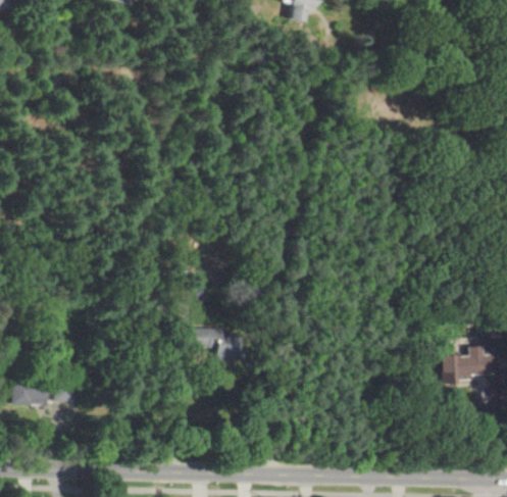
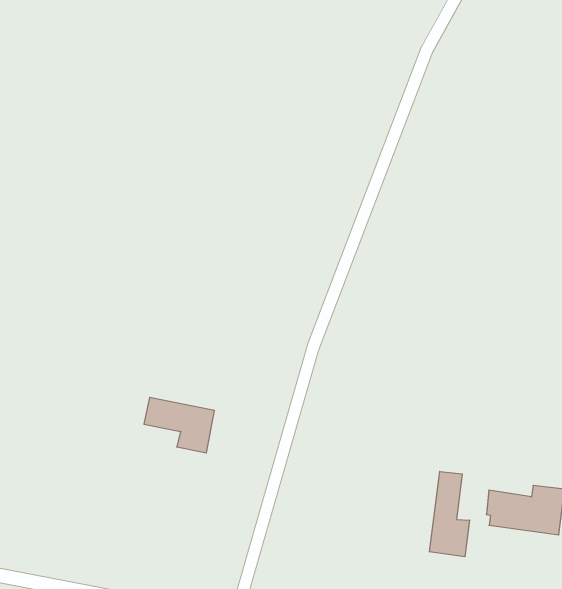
building: none -> [430,471,469,557]

